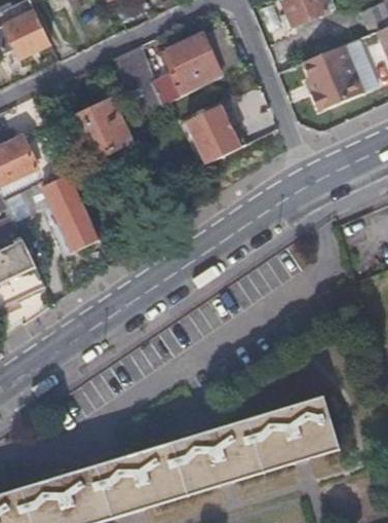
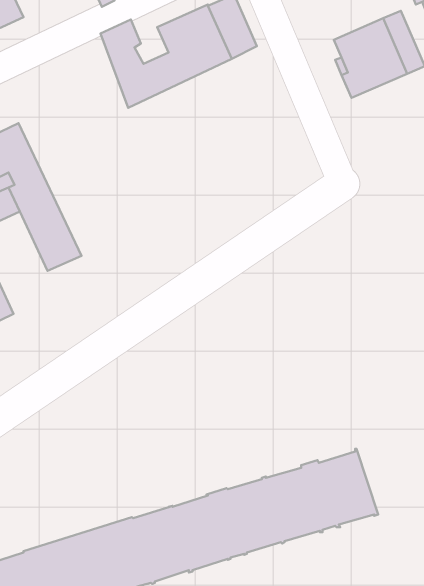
building: [69,100,132,162] -> none
building: [186,104,240,162] -> none

